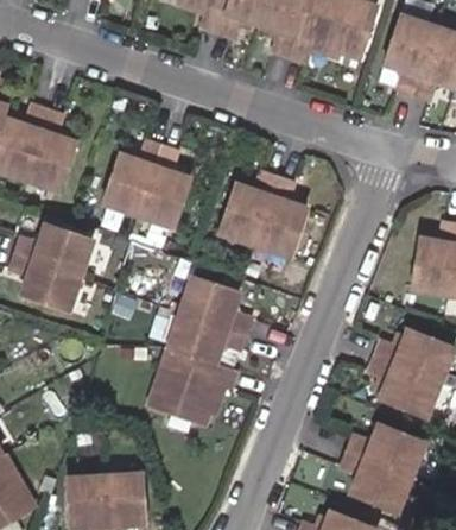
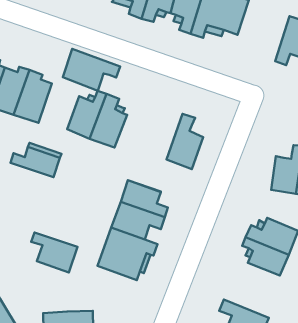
building: [385,20,436,97] -> none
building: none -> [63,49,120,91]
building: [220,171,277,244] -> none
building: [17,248,86,308] -> [31,232,78,272]
building: [338,424,419,479] -> none

